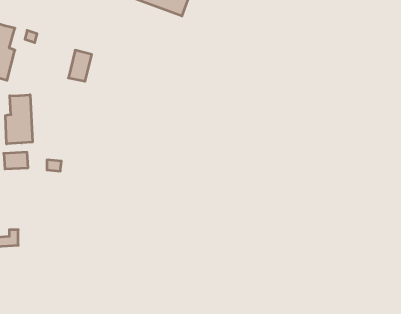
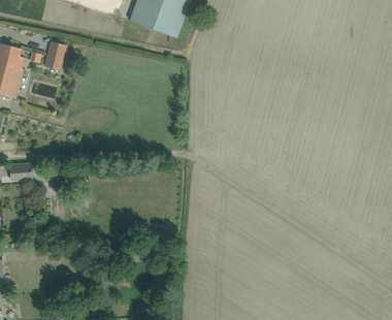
building: [68,50,92,81] -> [43,40,65,69]
building: [5,95,32,144] -> none

